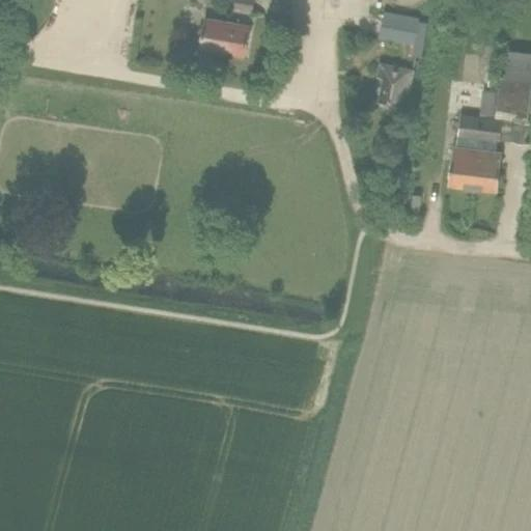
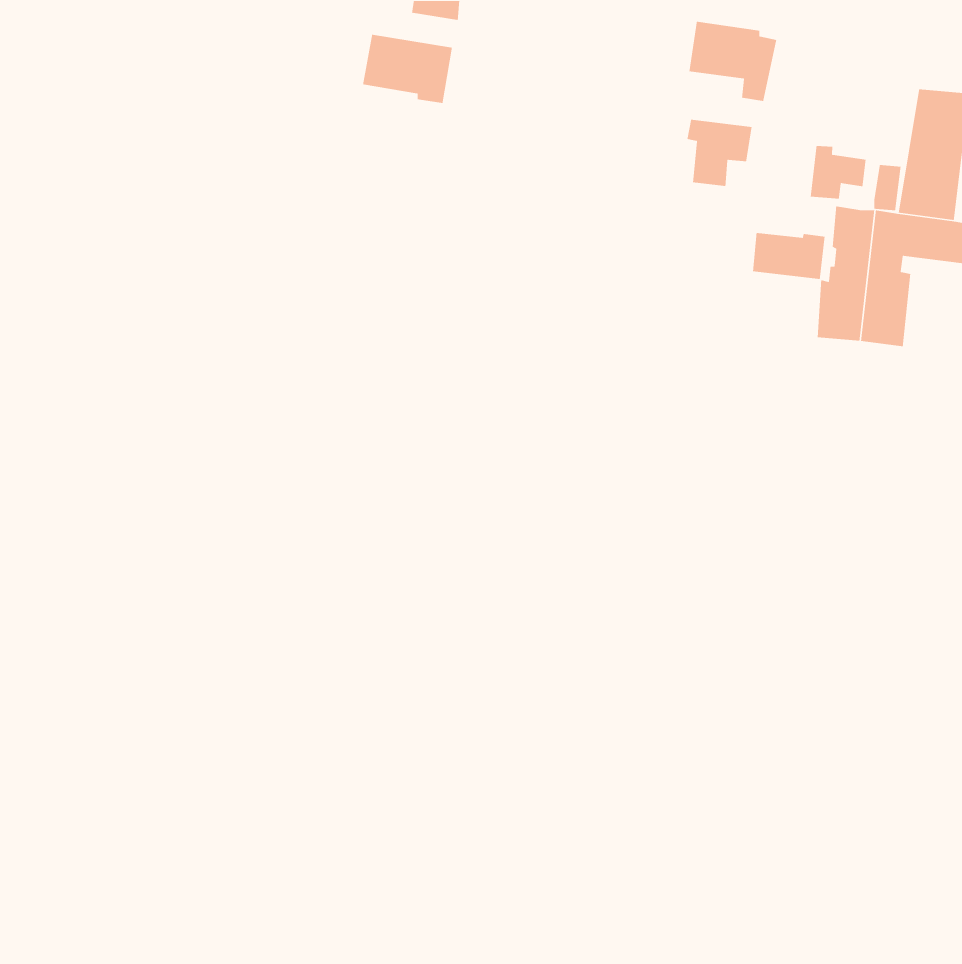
building: none -> [810,145,867,199]
building: none -> [752,232,825,280]

